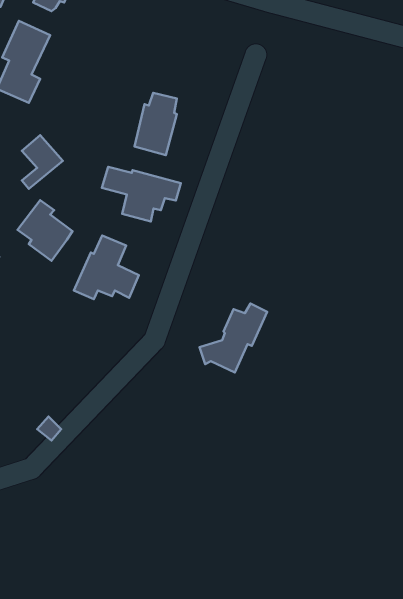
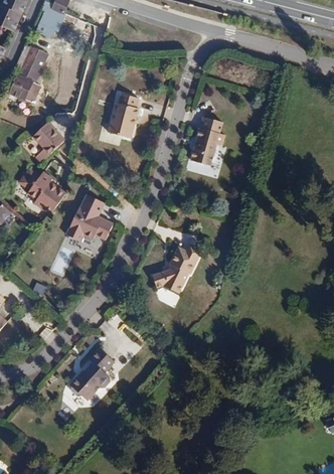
building: none -> [192,117,225,165]
building: [102,167,181,222] -> none
building: none -> [69,348,119,405]

